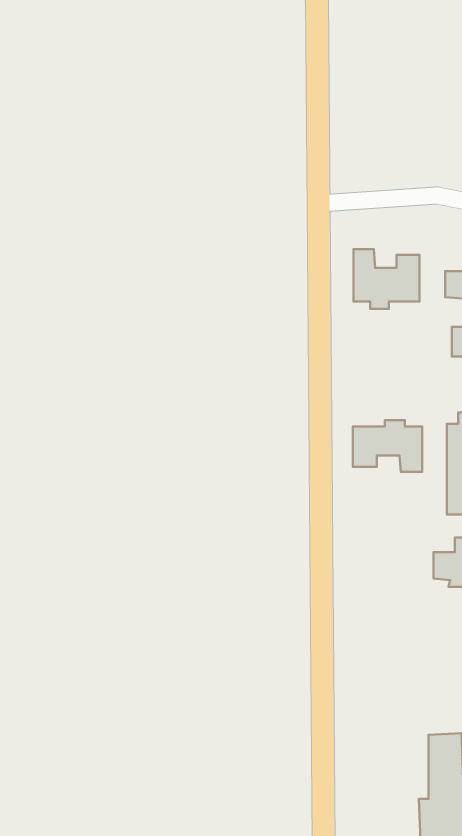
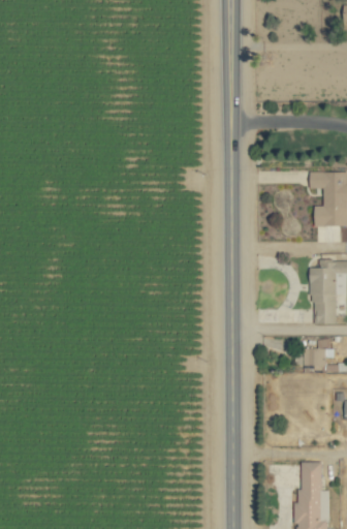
building: [354,249,419,309] -> none
building: [353,420,422,472] -> none

